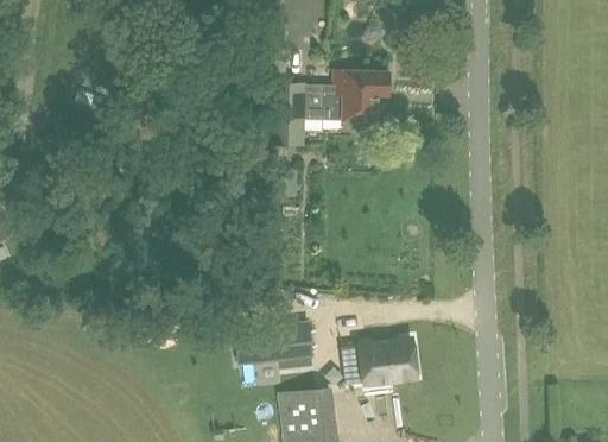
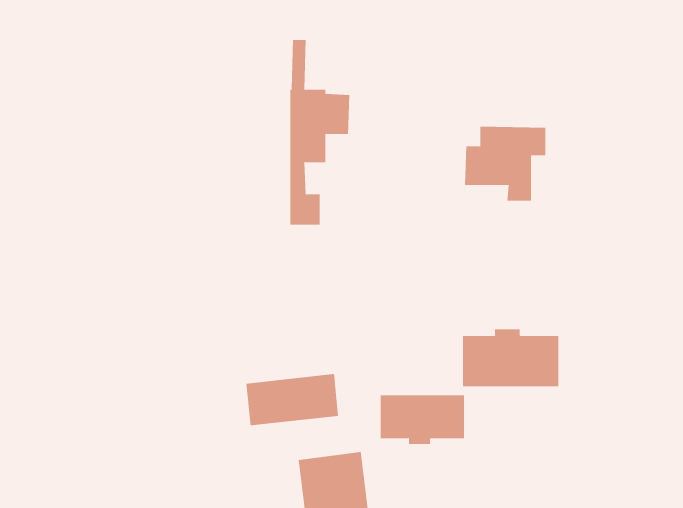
building: [321,70,390,133] -> [464,126,546,201]
building: none -> [463,328,559,387]

